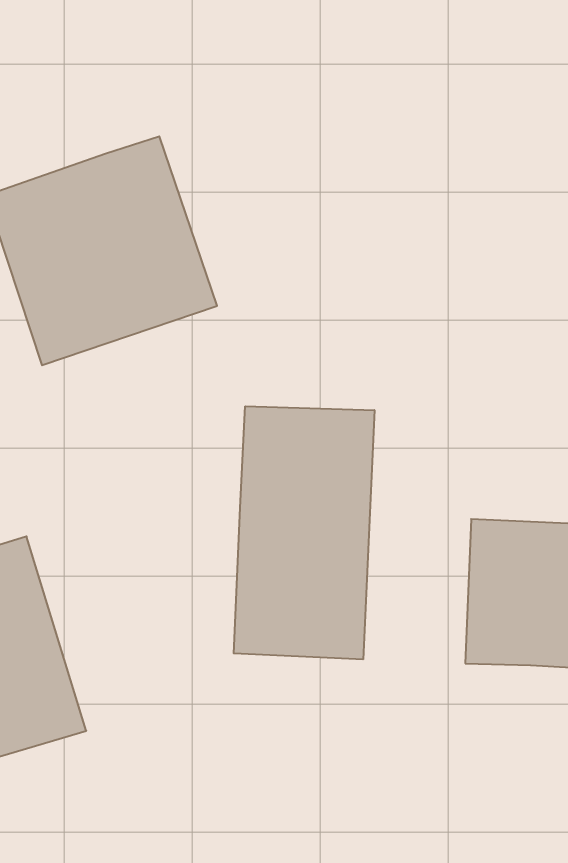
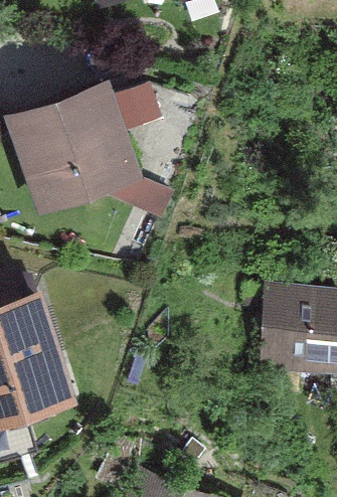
building: [234,406,374,659] -> none

